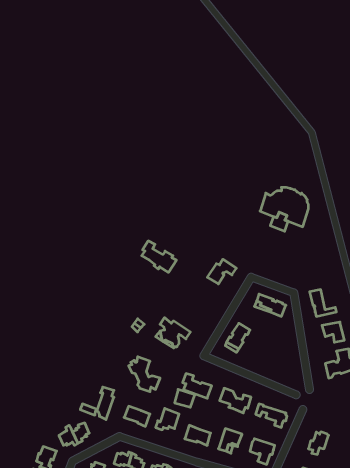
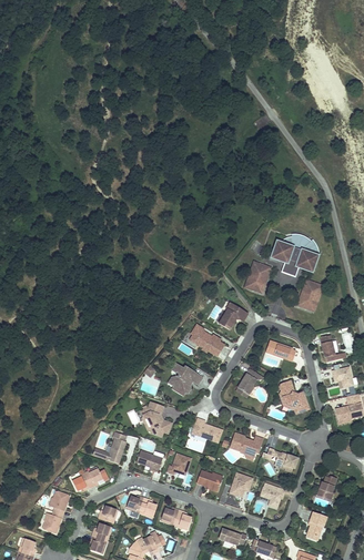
building: none -> [245,261,271,293]
building: none -> [297,279,323,312]
building: [142,241,176,272] -> [190,325,224,356]
building: none -> [280,380,310,414]

